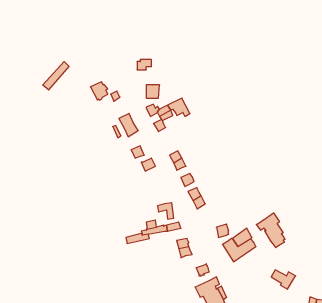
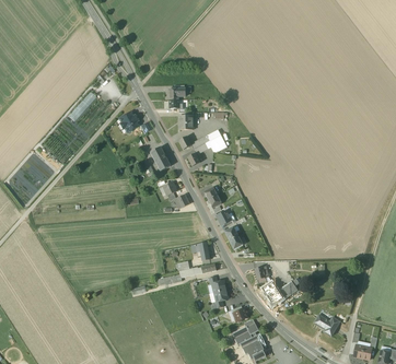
building: [256,213,285,248] -> none

